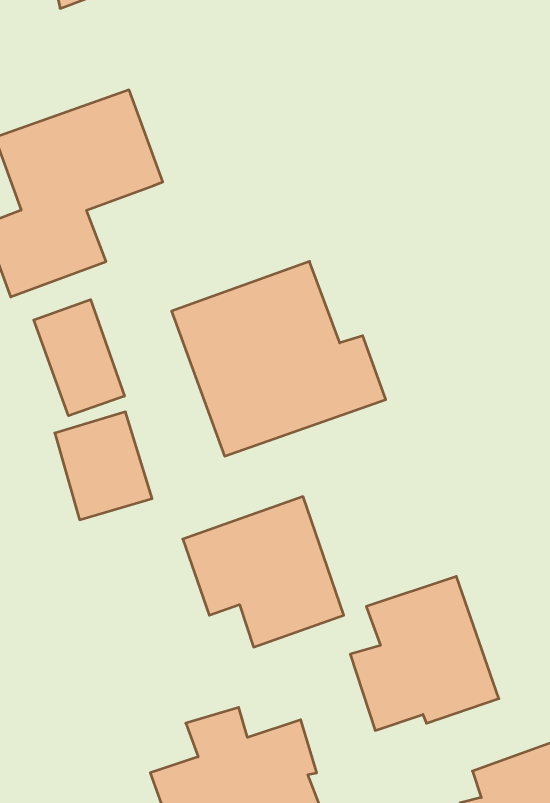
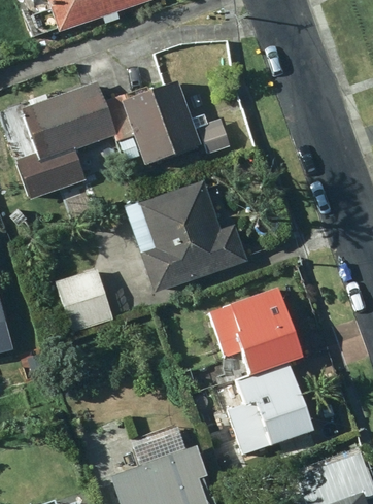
building: none -> [106,79,202,166]
building: [34,300,124,416] -> none
building: [183,497,344,647] -> [209,289,303,376]

